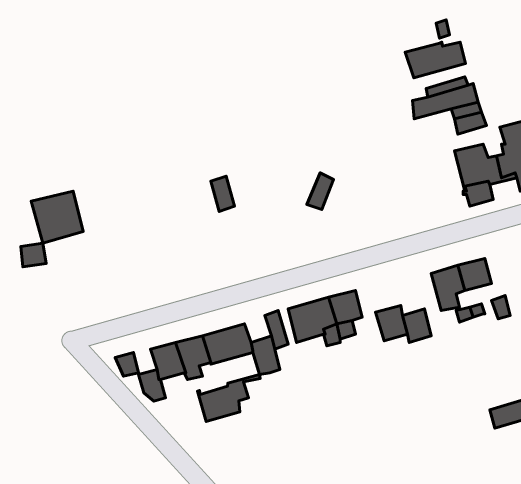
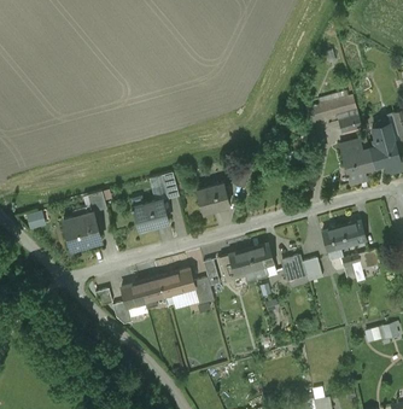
building: [405,42,465,78] -> none
building: [31,191,83,243] -> [63,211,100,249]
building: none -> [197,182,229,212]
building: none -> [130,194,169,229]
building: [198,374,260,422] -> none

